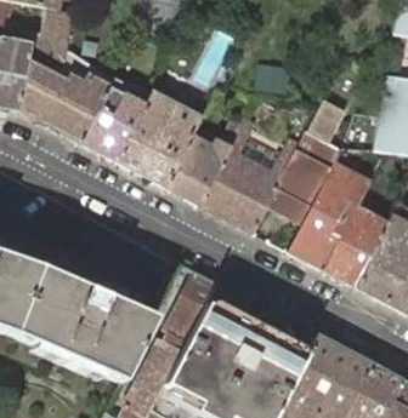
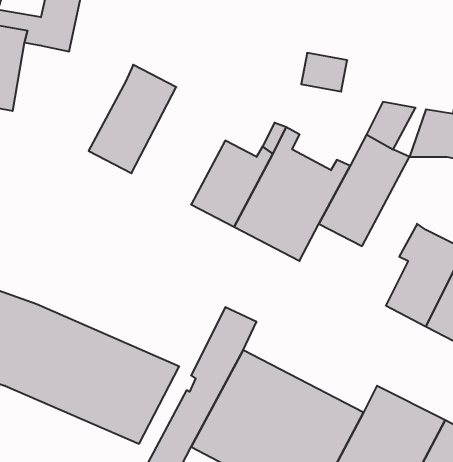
building: [19,56,112,144] -> none
building: [117,92,208,188] -> none
building: [289,165,370,270] -> none

